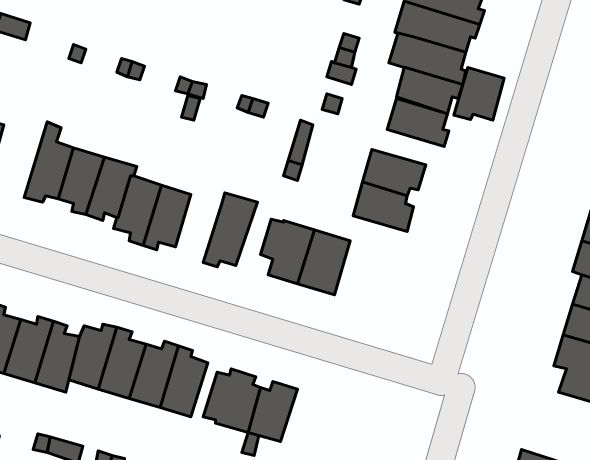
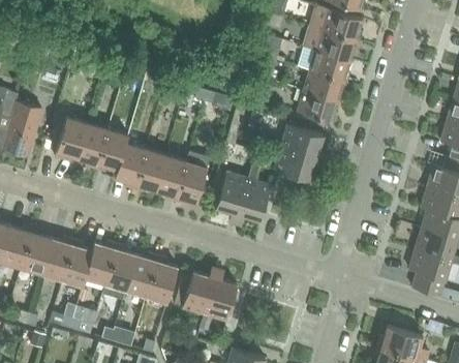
building: [454,68,504,120] -> none
building: none -> [155,154,186,200]

